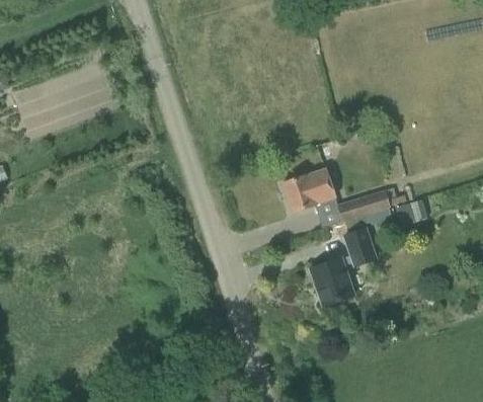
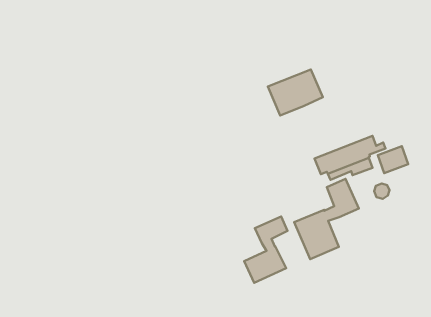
building: [281,168,335,212] -> [268,69,323,115]
building: none -> [244,217,288,283]

